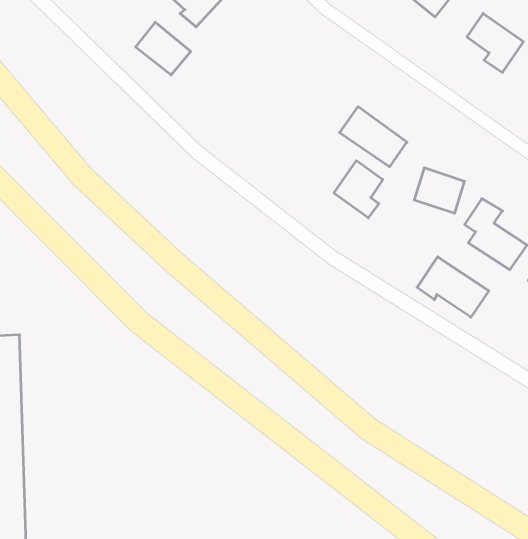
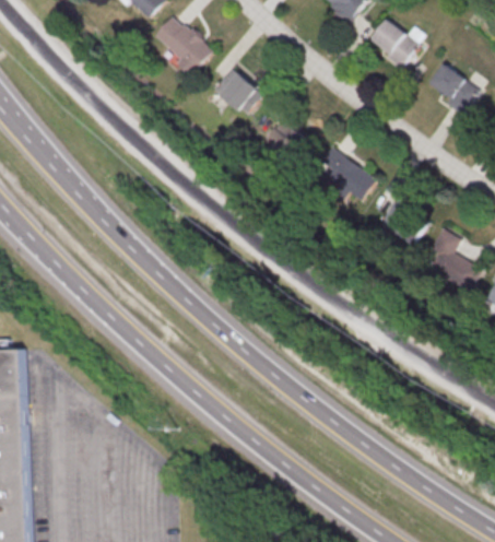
building: [136,22,191,75] -> [212,66,261,113]
building: [334,161,383,218] -> none
building: [417,257,489,317] -> none

